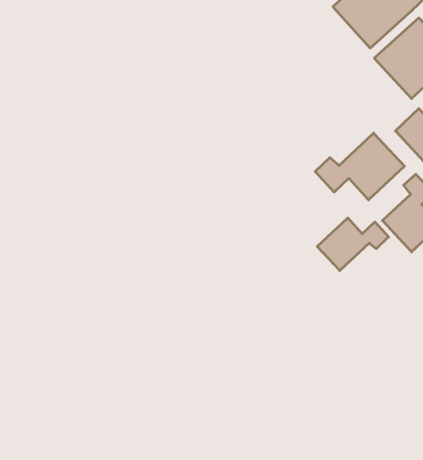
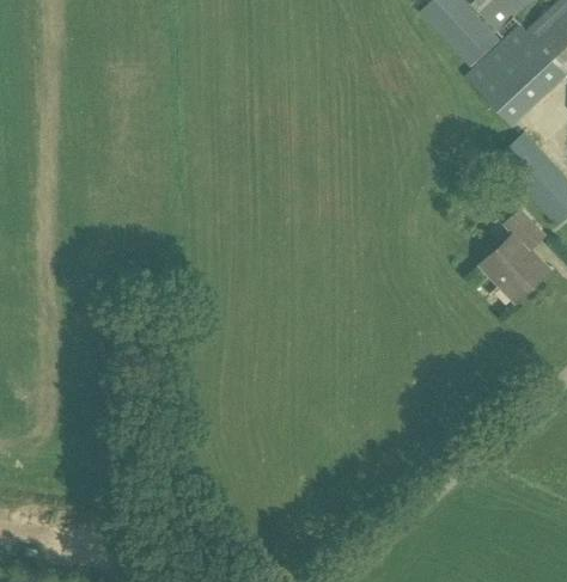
building: [315,133,404,200] -> none
building: [317,218,389,271] -> none

